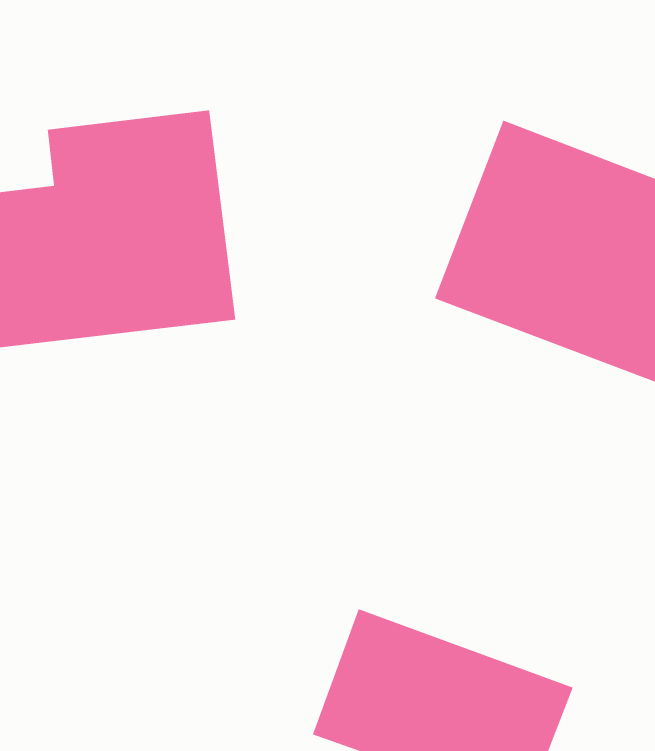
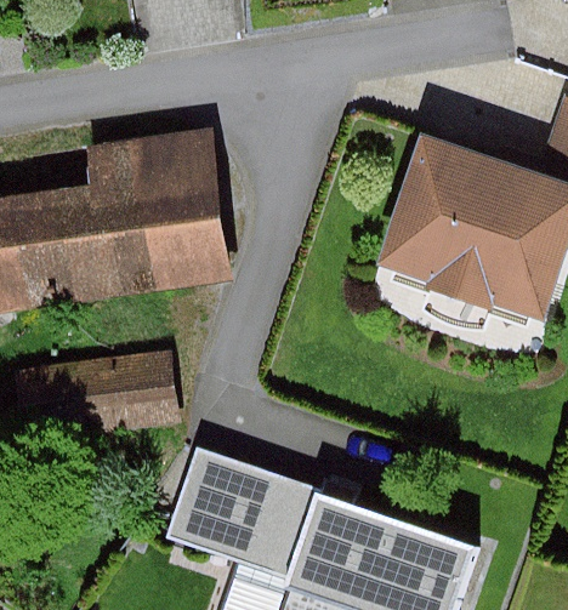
building: none -> [78,366,180,441]
building: none -> [167,451,316,585]

